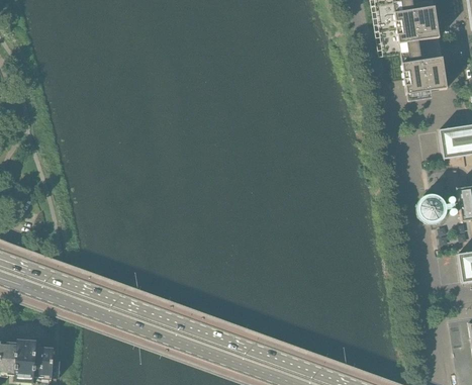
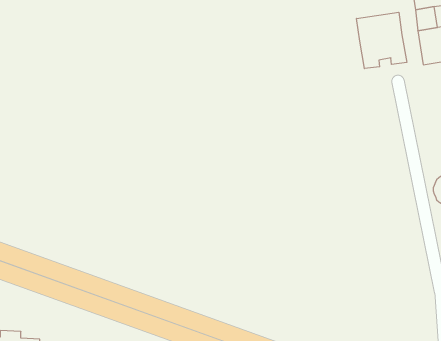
building: none -> [357,12,407,69]

